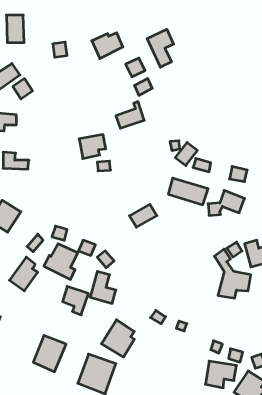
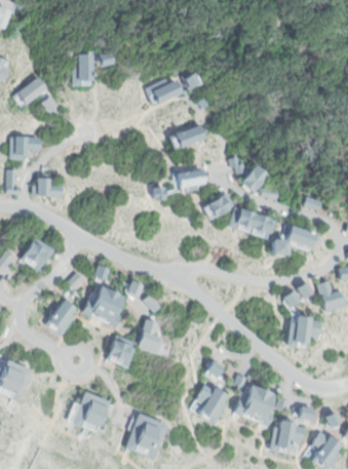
building: [6,15,24,43] -> [72,54,92,86]
building: [147,29,174,67] -> none
building: [92,33,123,59] -> [145,80,181,110]
building: [79,135,106,159] -> [169,168,200,196]
building: [129,204,157,227] -> [200,193,232,220]
building: [101,320,134,357] -> [188,383,226,426]
building: none -> [231,387,272,426]

